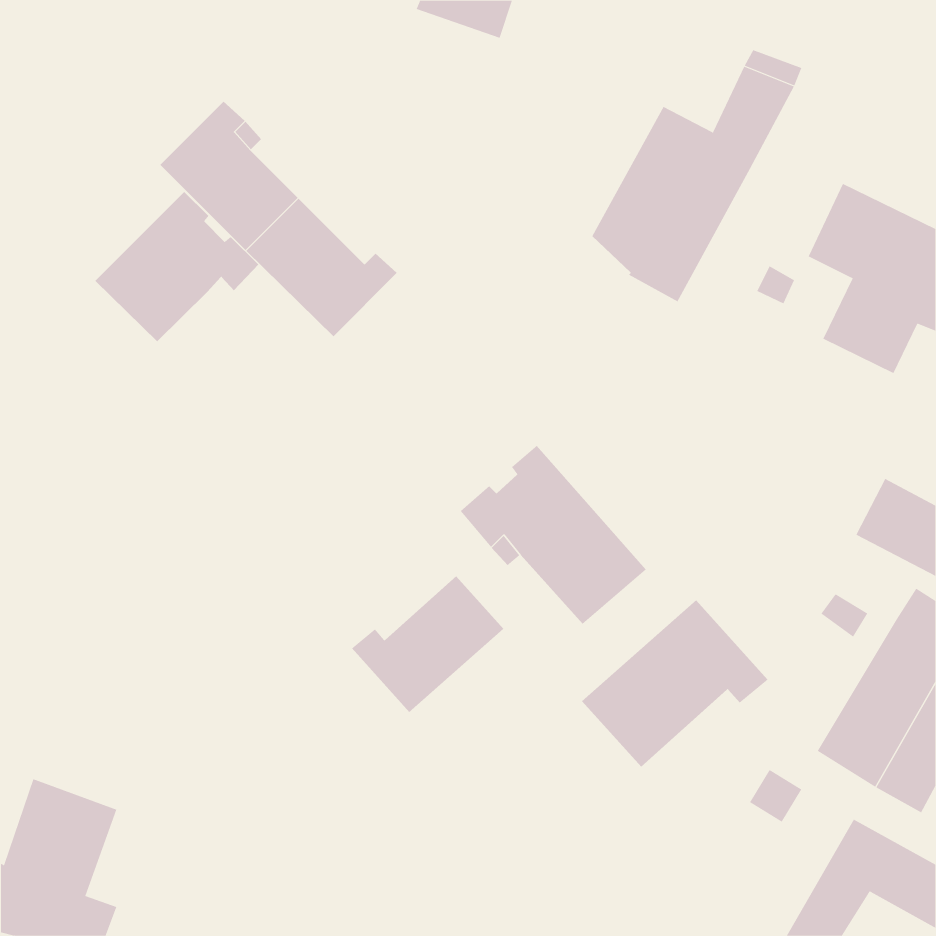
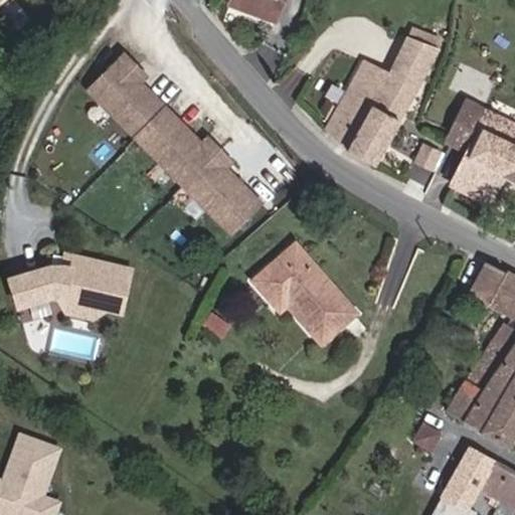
building: [95,191,259,342] -> none
building: none -> [183,150,260,232]
building: none -> [8,254,130,315]
building: [351,575,504,713] -> none
building: [581,600,769,768] -> none

